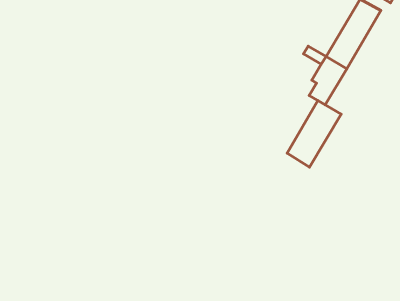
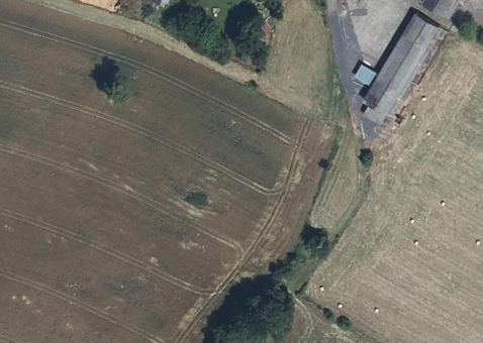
building: [287,101,341,167] -> none

